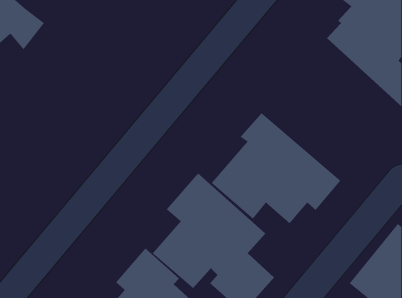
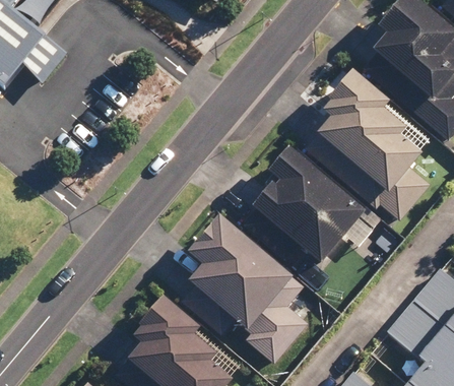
building: none -> [285,68,429,221]

